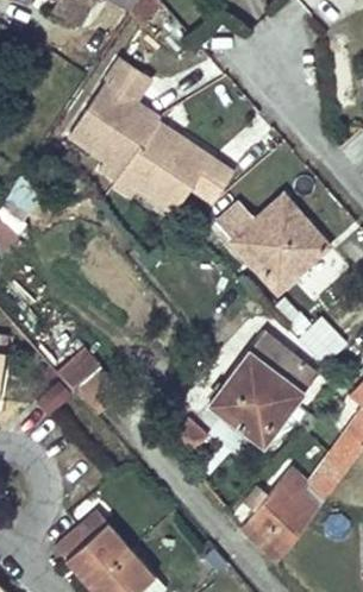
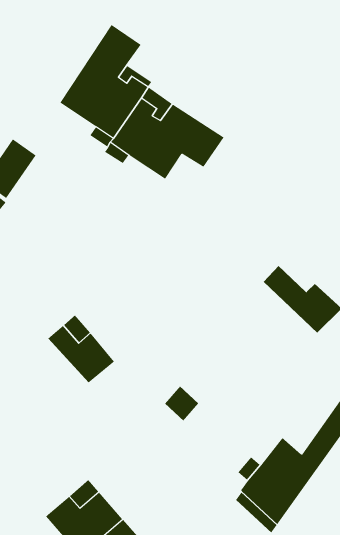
building: [217,196,330,292] -> none
building: [208,330,319,446] -> none

